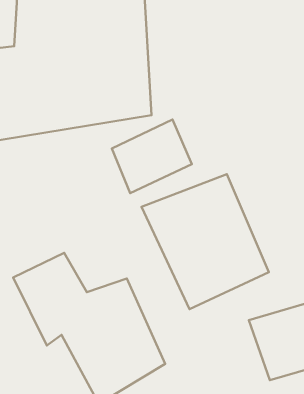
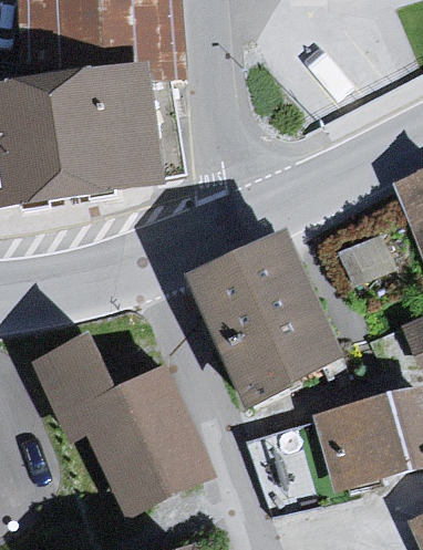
building: [112,120,192,193] -> none

